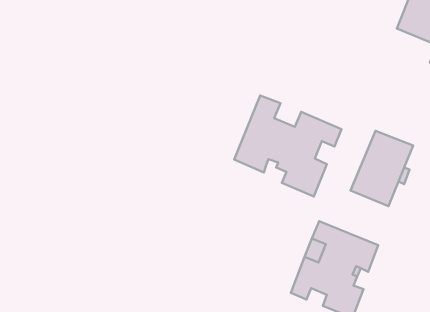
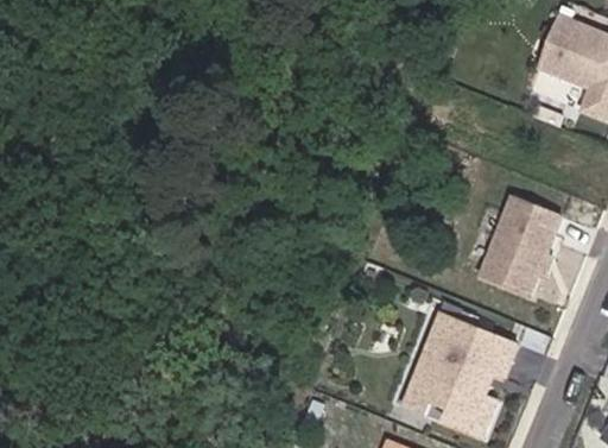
building: [234,95,341,196] -> none

